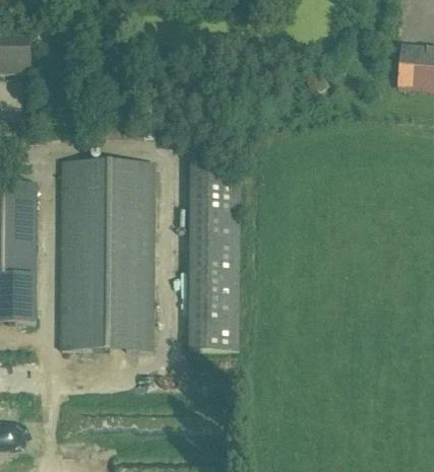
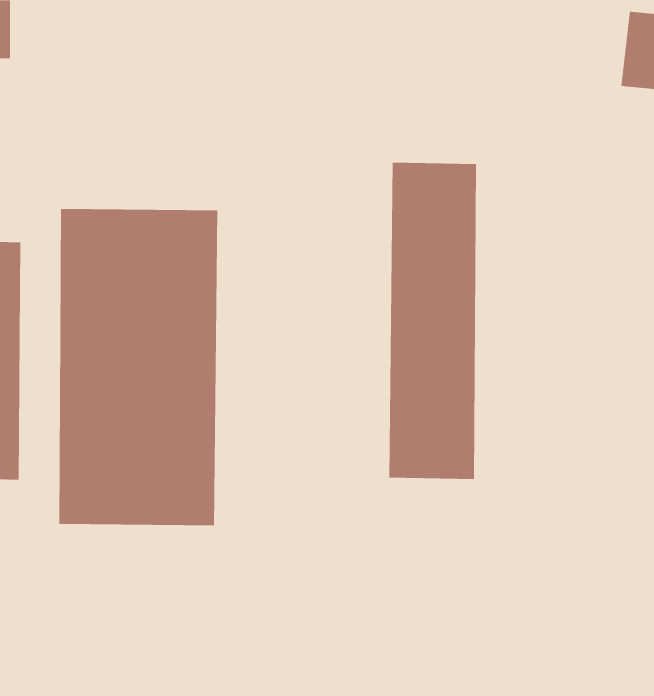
building: [187,160,240,350] -> [388,162,477,480]

